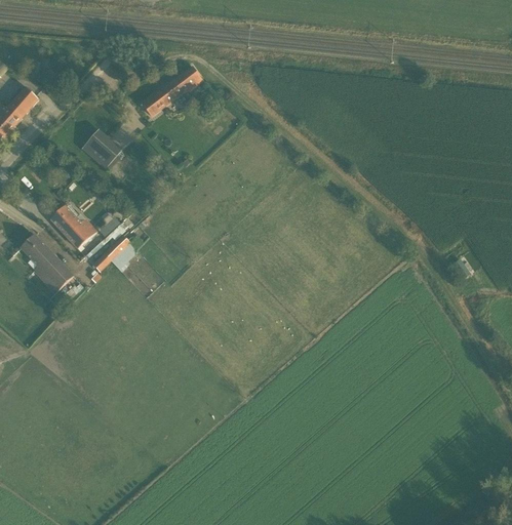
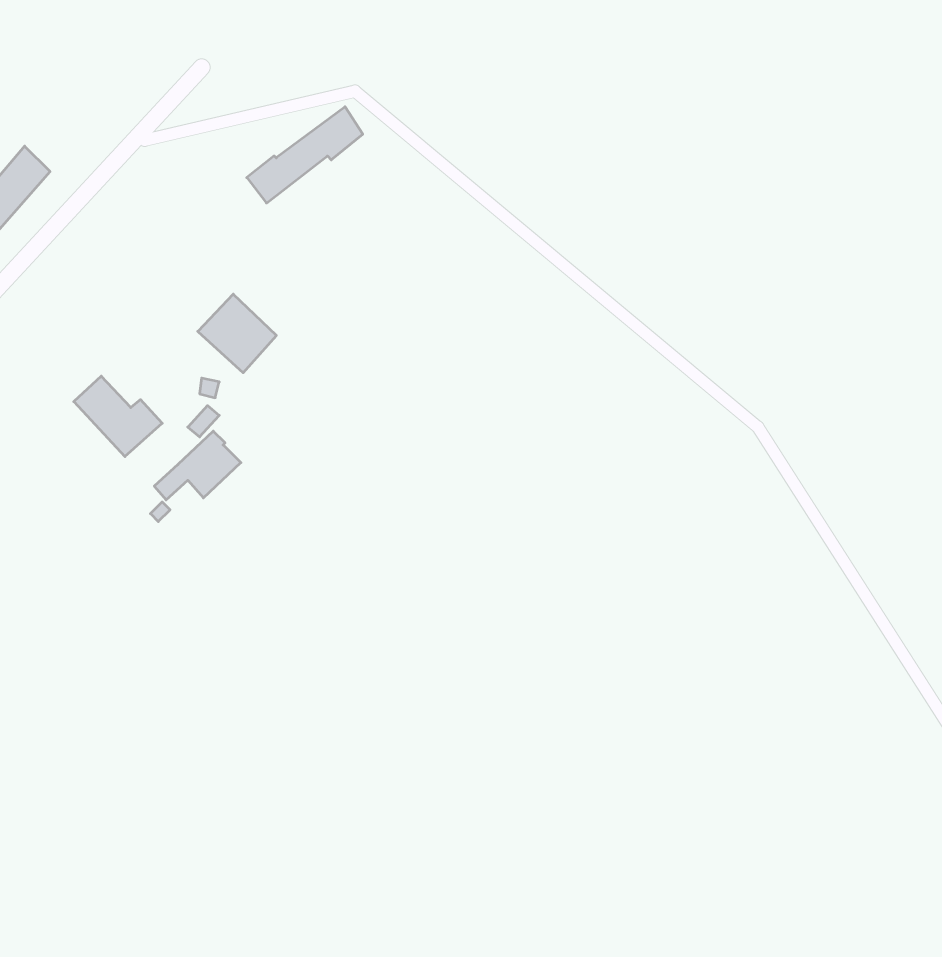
building: [81,127,122,168] -> [198,294,276,373]
building: [22,235,74,293] -> none

